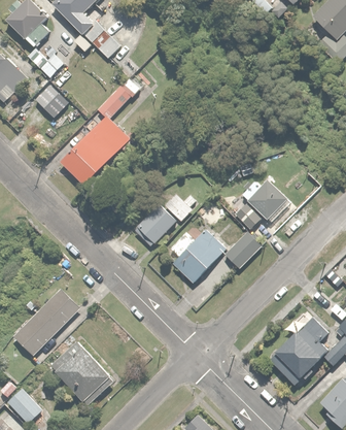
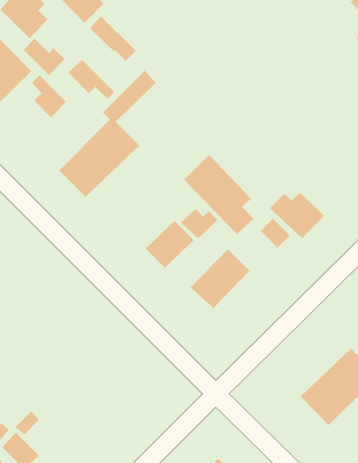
building: none -> [67,59,115,99]
building: none -> [183,154,254,235]
building: [227,233,261,267] -> none
building: [13,291,80,356] -> none
building: [51,341,113,404] -> none

